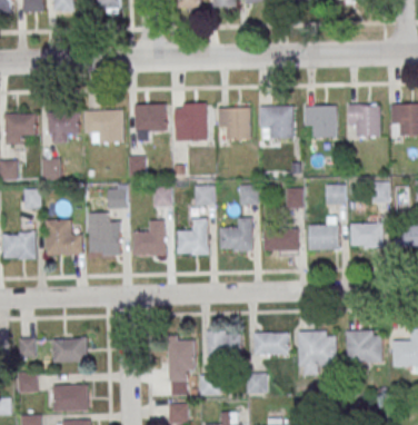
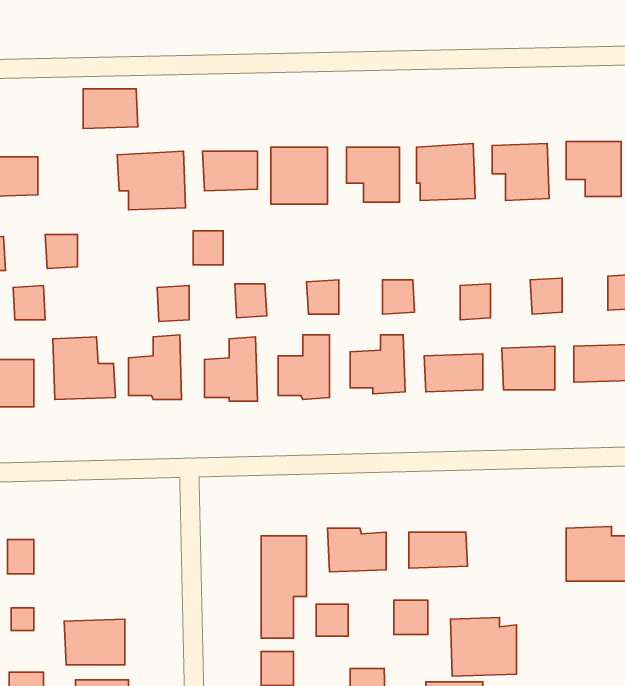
building: [47,111,79,135] -> [83,89,138,129]
building: [298,330,337,365] -> [450,617,517,676]
building: [52,337,87,362] -> none

